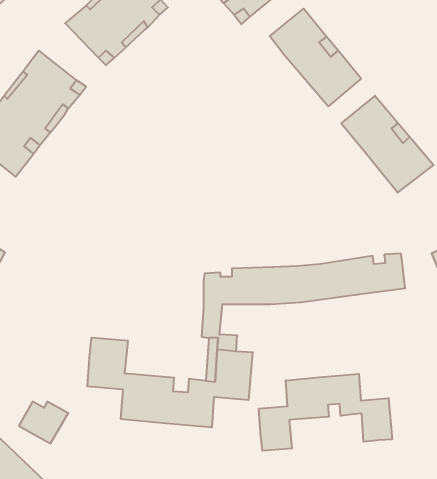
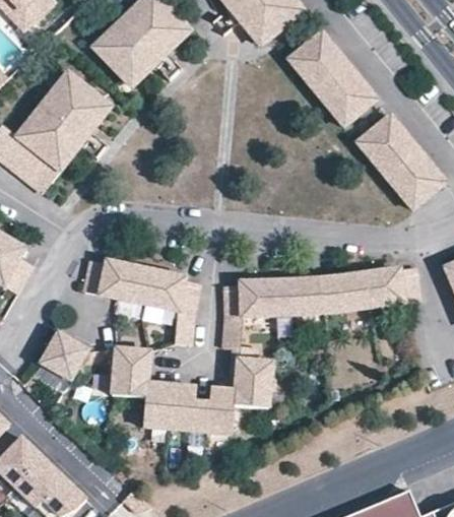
building: none -> [84,259,200,343]
building: [259,374,392,451] -> none
building: [19,402,68,444] -> [40,338,87,379]

